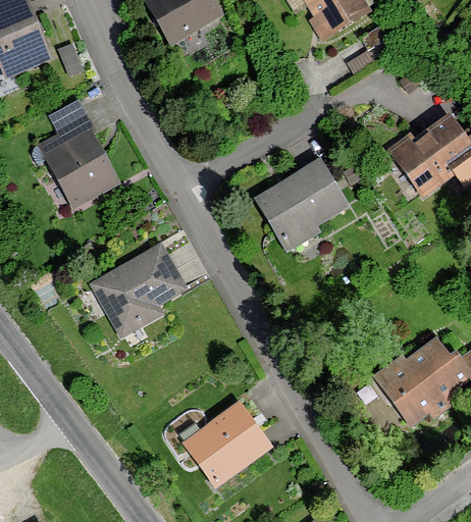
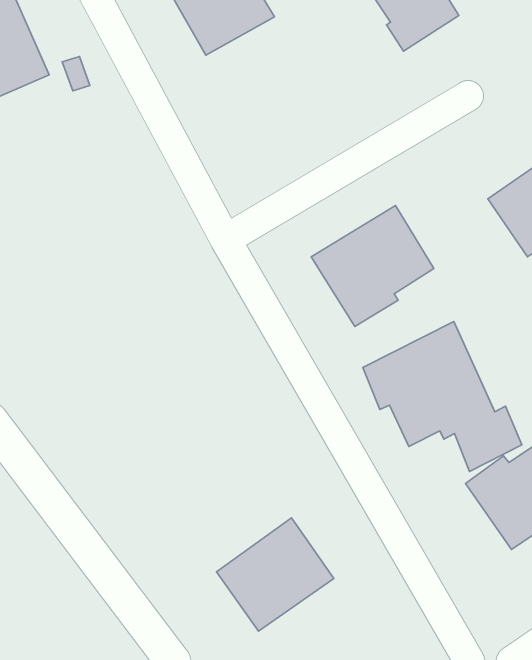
building: [38,114,122,209] -> none
building: [89,243,185,336] -> none
building: none -> [363,322,522,472]

